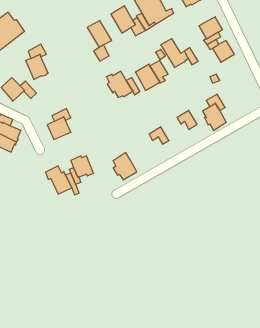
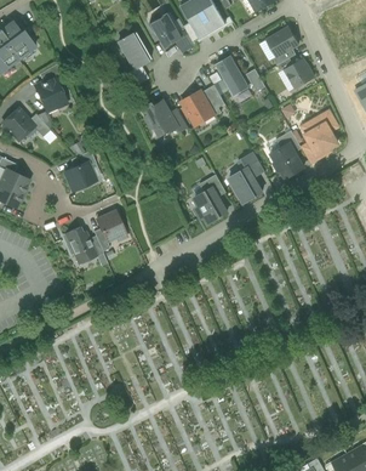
building: none -> [303,112,337,155]
building: none -> [229,168,262,204]
building: [113,153,137,180] -> [195,188,227,225]

